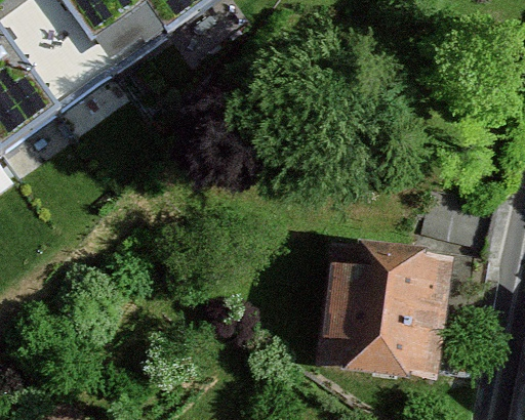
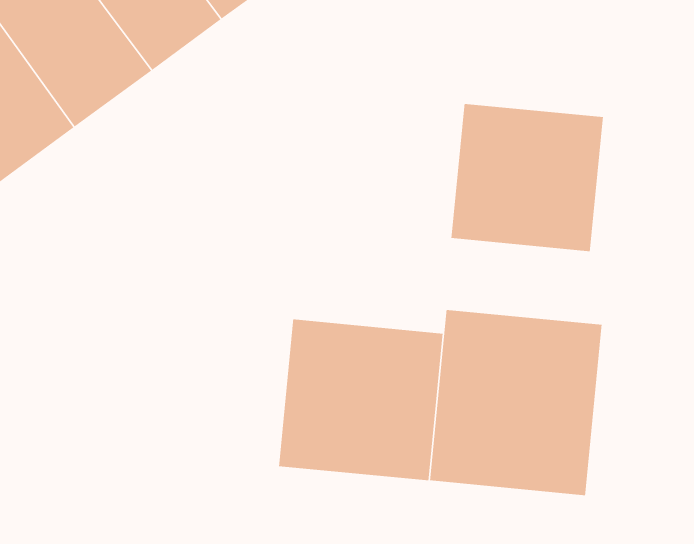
building: none -> [451,103,604,252]
building: none -> [278,319,444,481]

